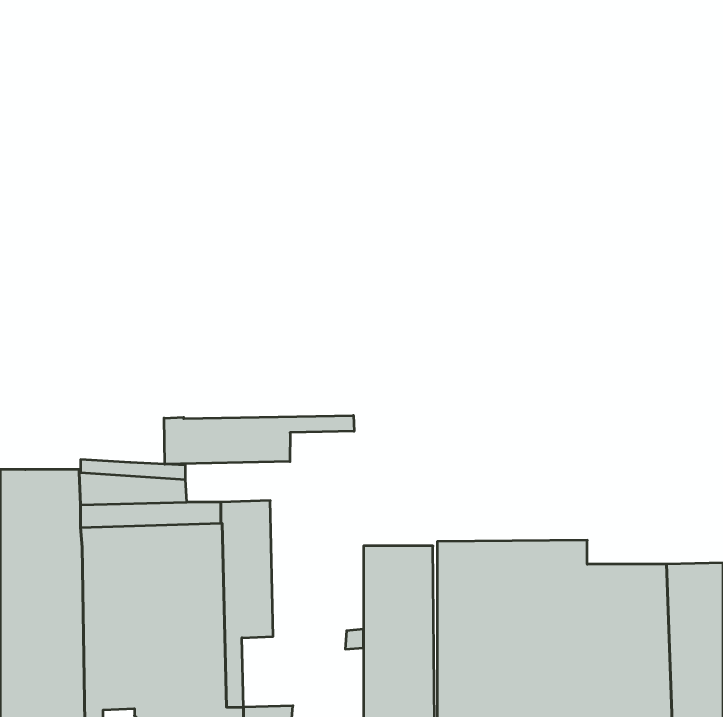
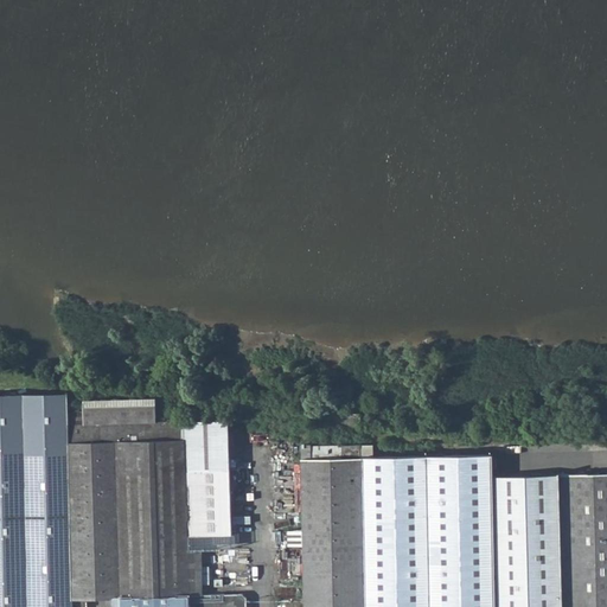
building: [164,415,354,464] -> none

